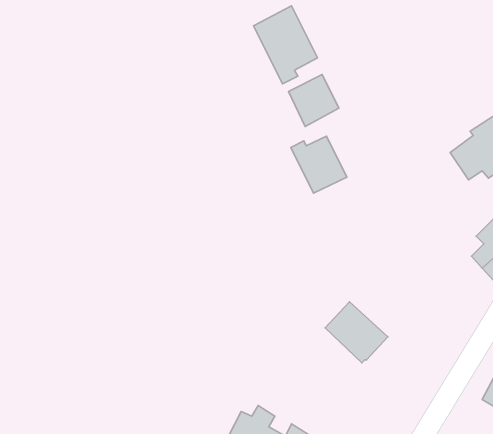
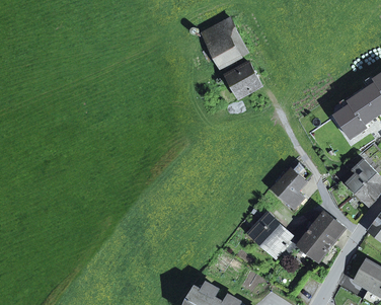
building: [291,136,347,193] -> none
building: none -> [273,162,310,207]
building: none -> [278,212,344,260]

